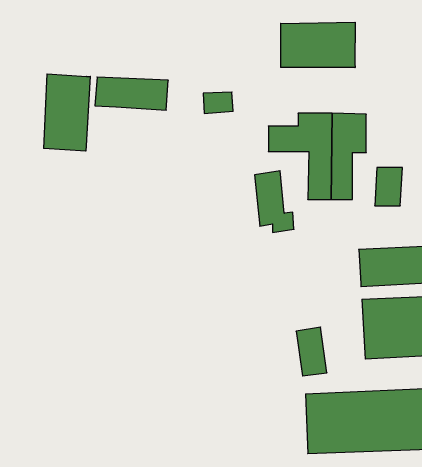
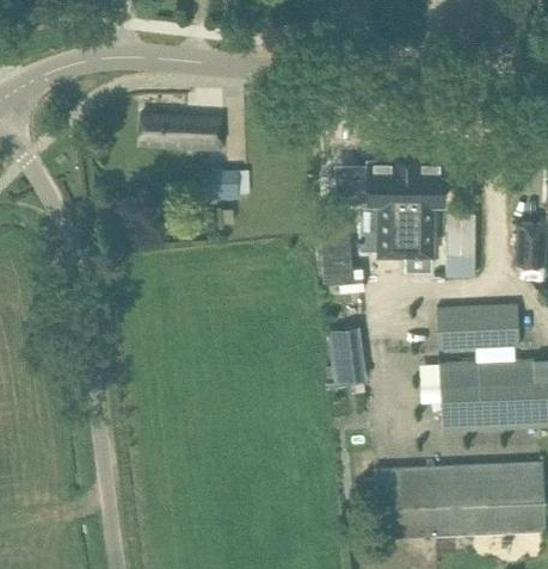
building: [281,22,355,68] -> none
building: [44,74,90,151] -> none
building: [203,92,233,113] -> [205,171,239,194]
building: [296,327,327,376] -> [328,328,363,383]

